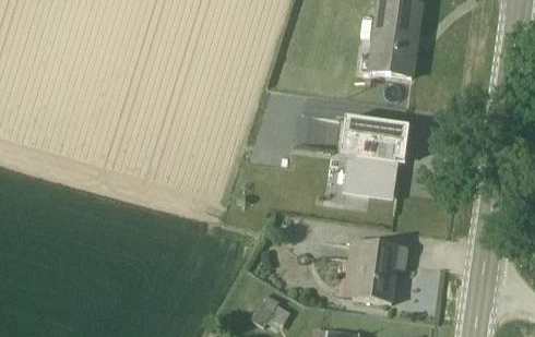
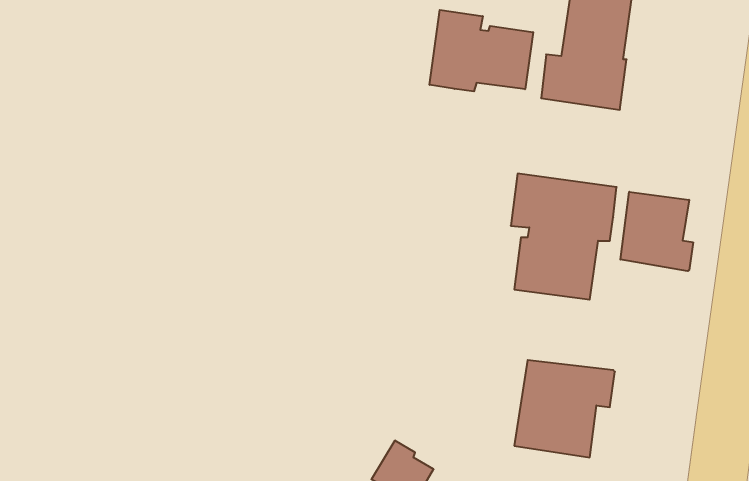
building: none -> [430,10,533,91]
building: none -> [620,192,693,271]

